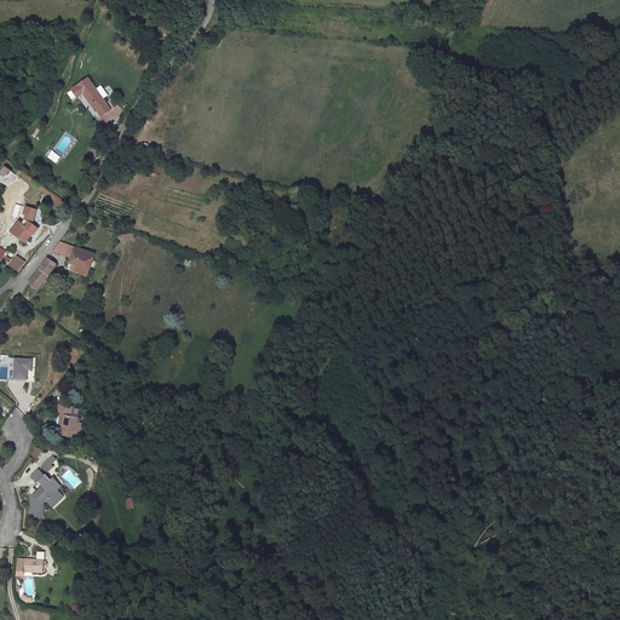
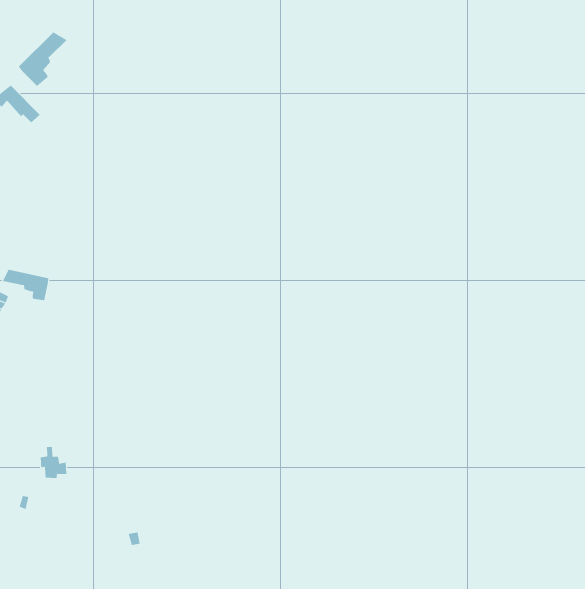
building: none -> [18,32,68,87]
building: [30,470,67,512] -> none

